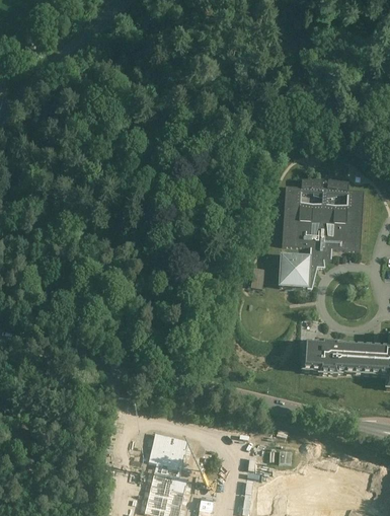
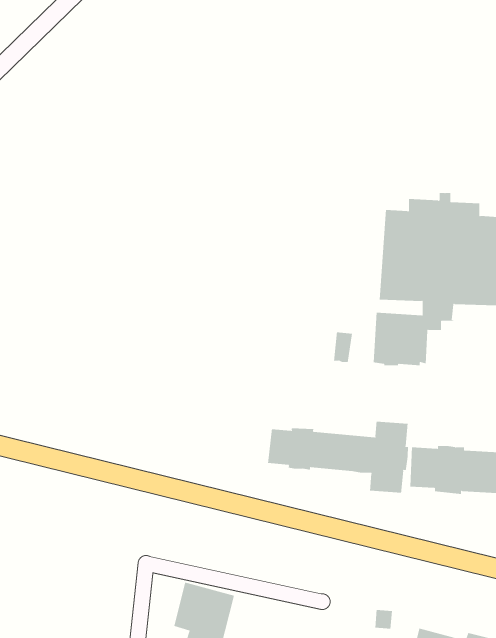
building: none -> [268,421,408,494]

